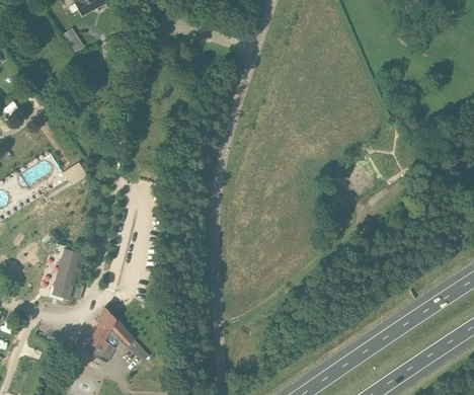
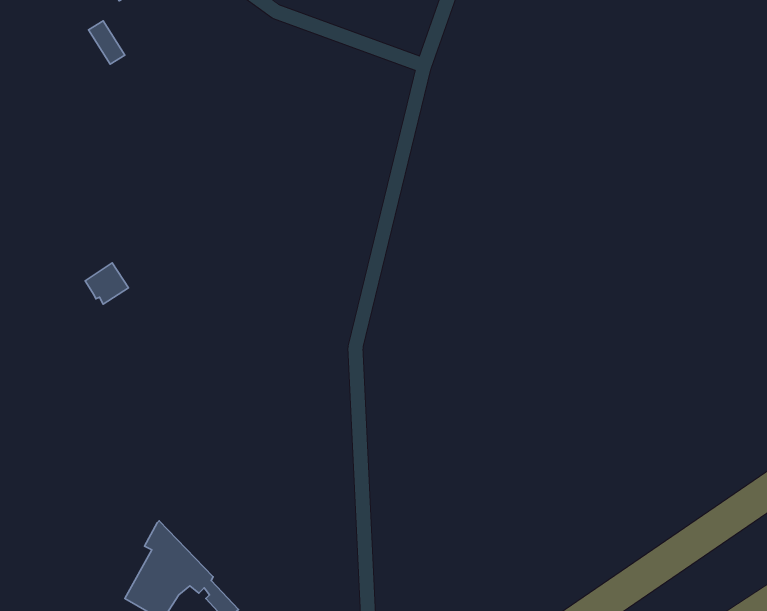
building: [51,248,80,300] -> none

